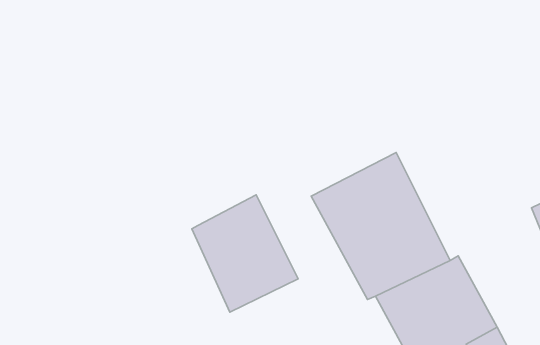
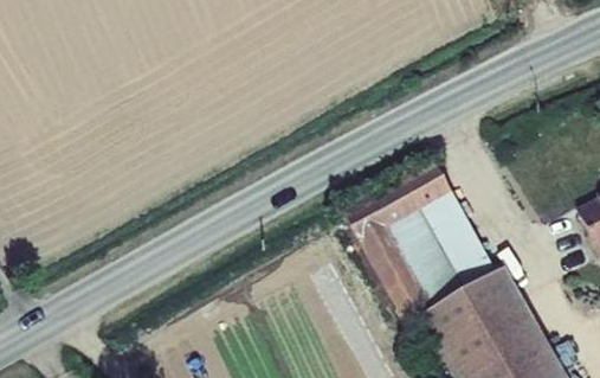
building: [192,195,298,312] -> none

